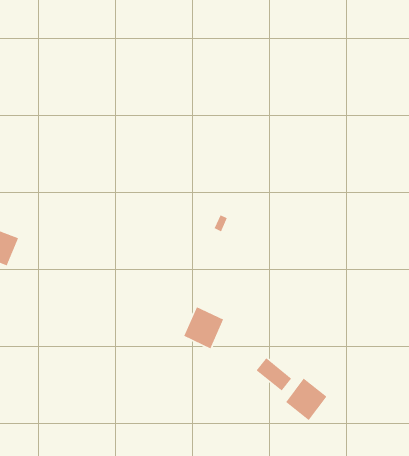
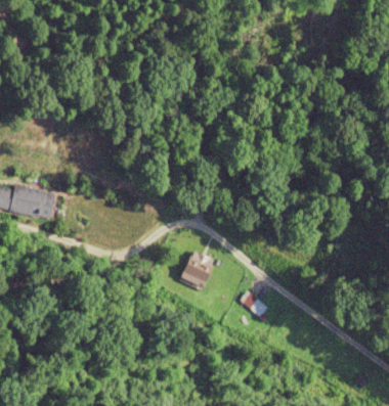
building: [285,377,327,421] -> none

